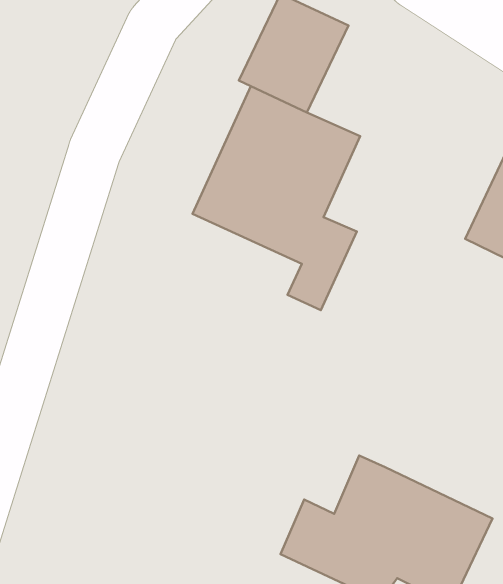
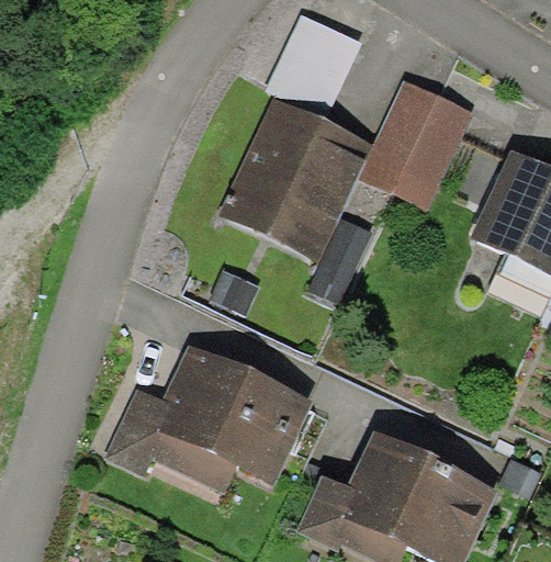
building: none -> [361,83,468,205]
building: none -> [109,347,310,491]

